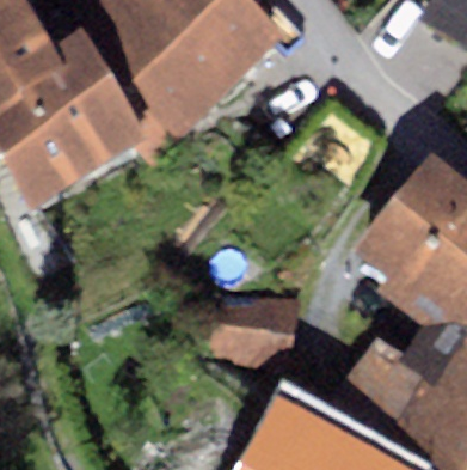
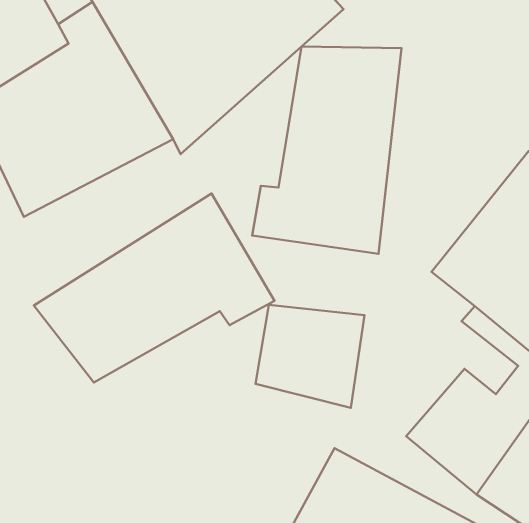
building: none -> [252,47,402,254]
building: none -> [34,194,274,382]

